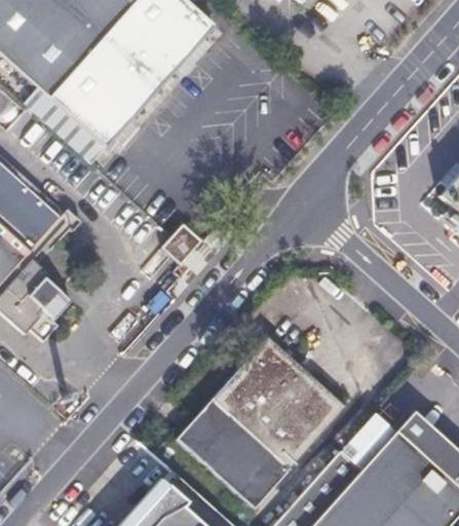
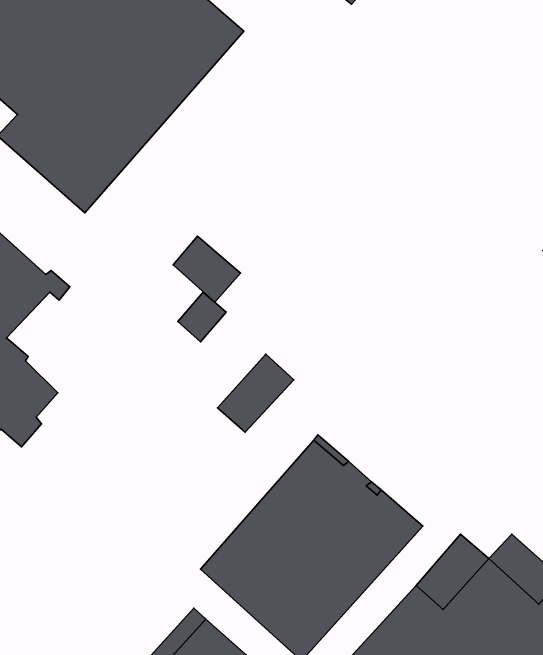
building: none -> [173,236,240,302]
building: none -> [217,354,294,432]

